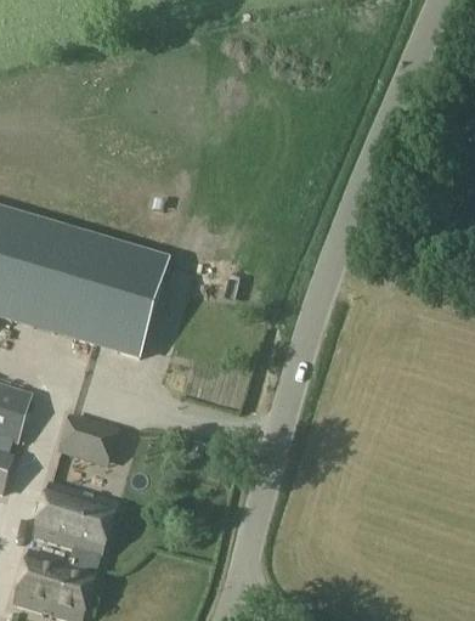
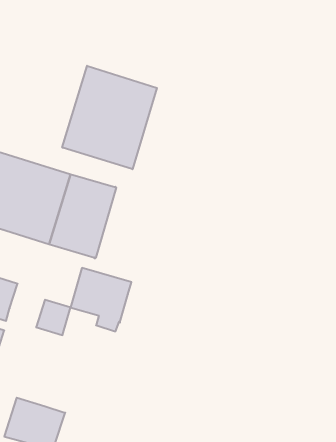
building: none -> [62,66,157,169]
building: [33,482,117,570] -> [70,268,131,331]

